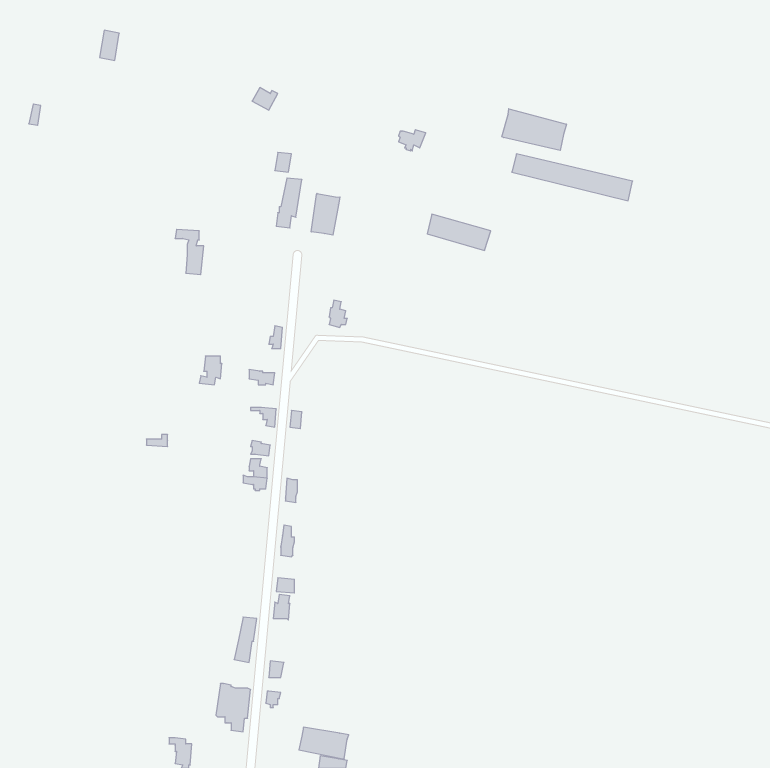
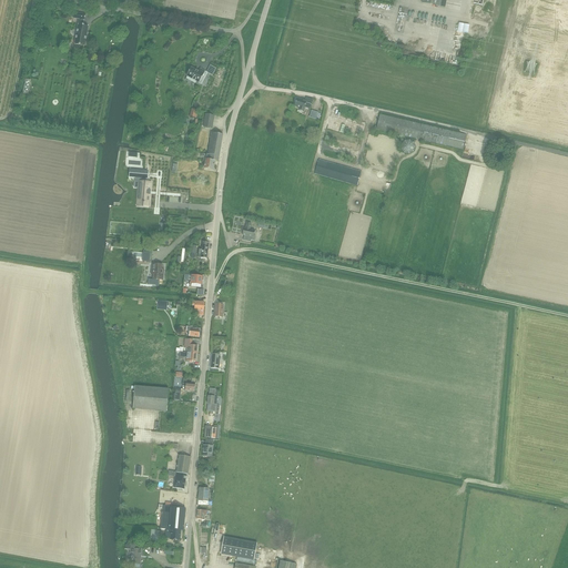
building: [502,109,566,150] -> none
building: [311,193,340,235] -> none
building: none -> [132,384,168,409]

